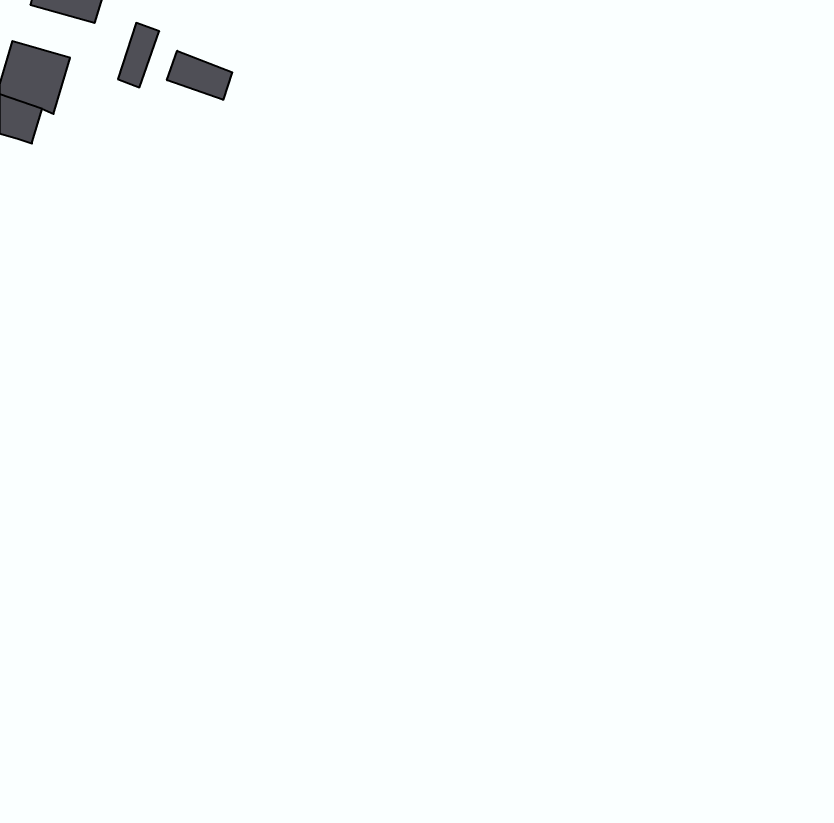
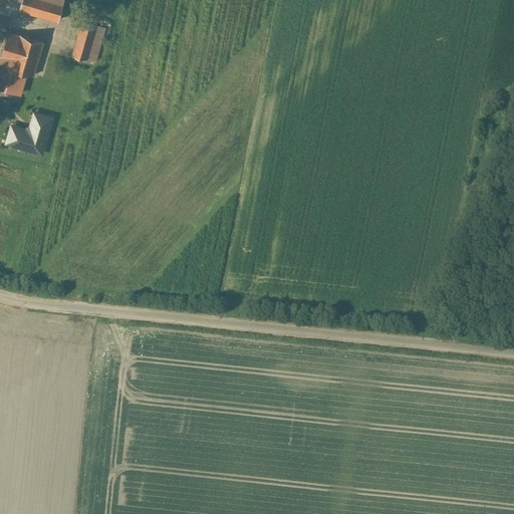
building: [167,51,232,100] -> none
building: none -> [13,114,51,153]

